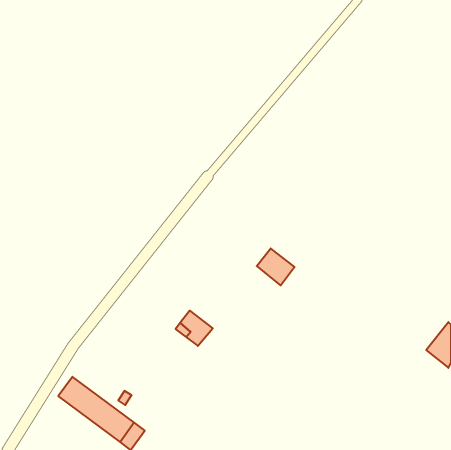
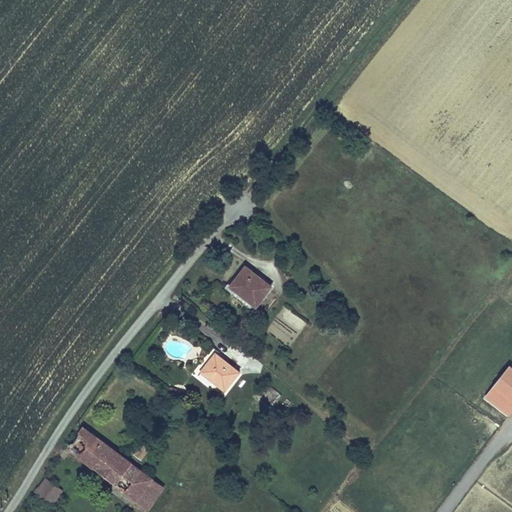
building: [257,248,295,285] -> [229,266,272,308]
building: none -> [34,477,63,506]

